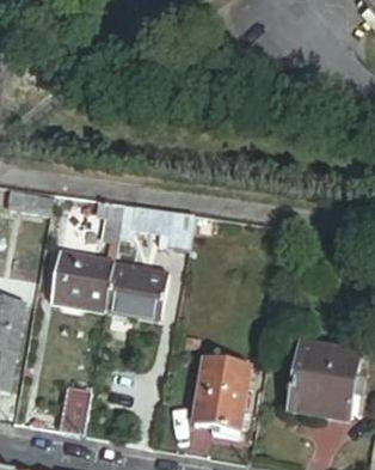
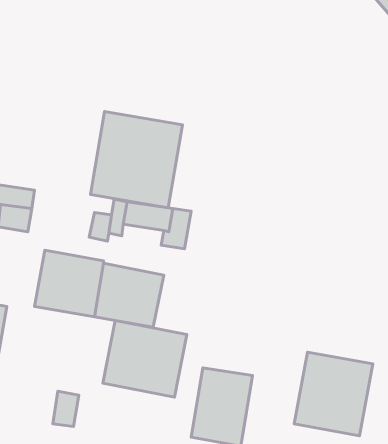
building: none -> [90,112,182,208]
building: none -> [103,321,187,397]

